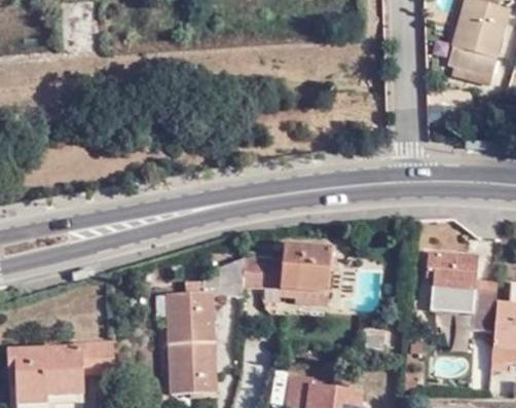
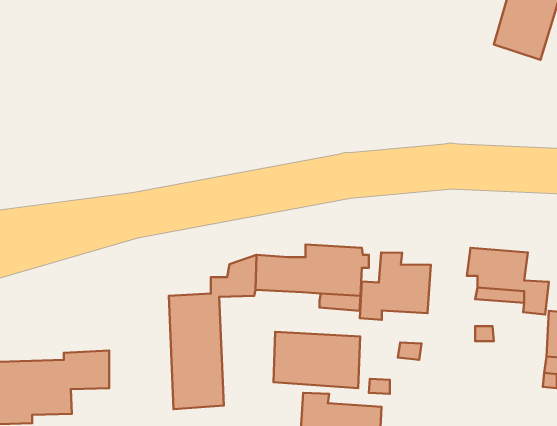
building: none -> [360,253,431,320]
building: none -> [274,332,360,388]

